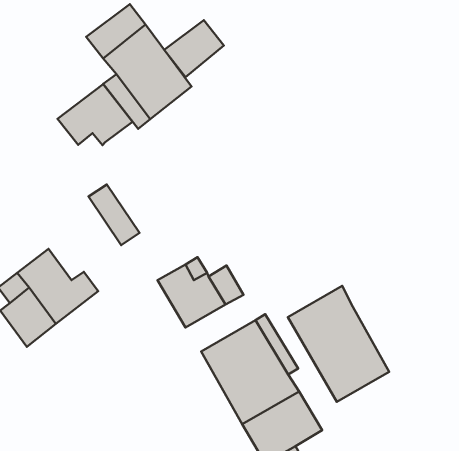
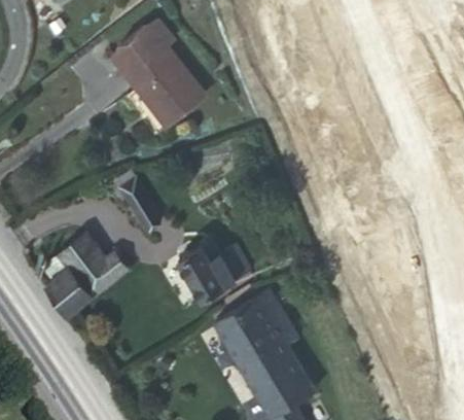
building: [164,20,224,77] -> none
building: [57,84,133,145] -> none
building: [288,286,389,402] -> none

